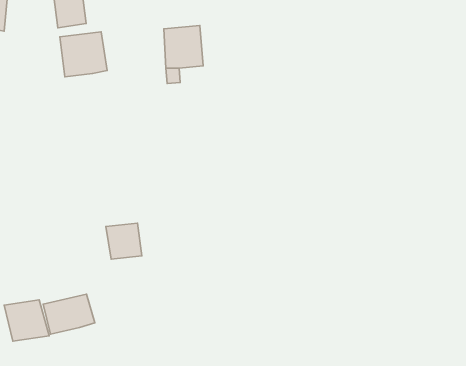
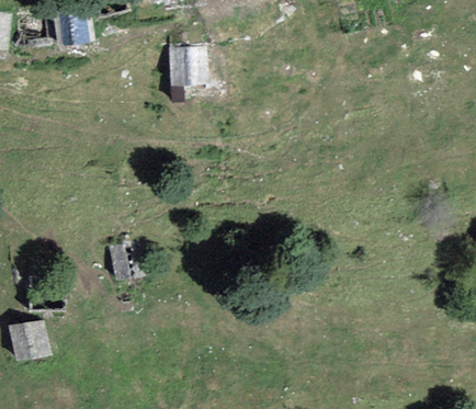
building: [60,32,107,77] -> none
building: [43,294,95,334] -> none

